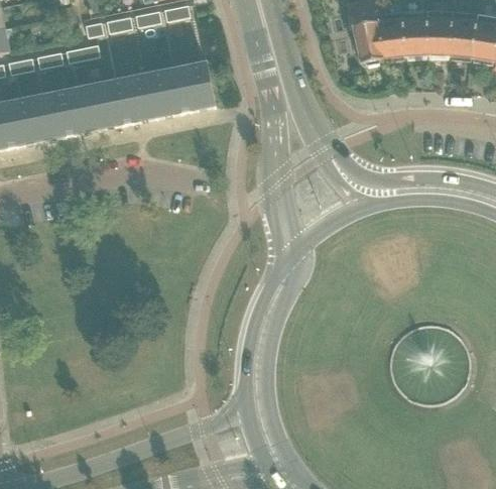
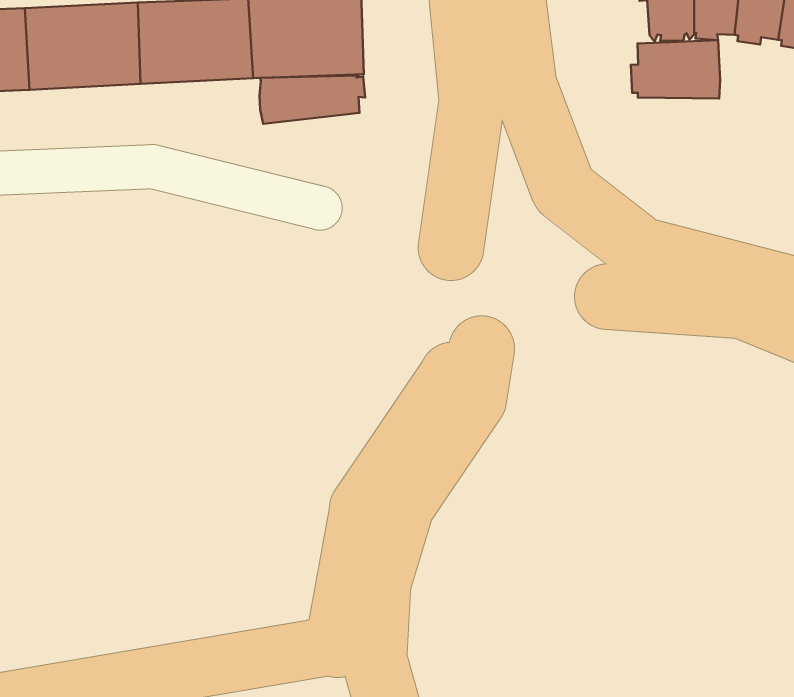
building: none -> [631,40,720,98]
building: none -> [260,76,365,124]

